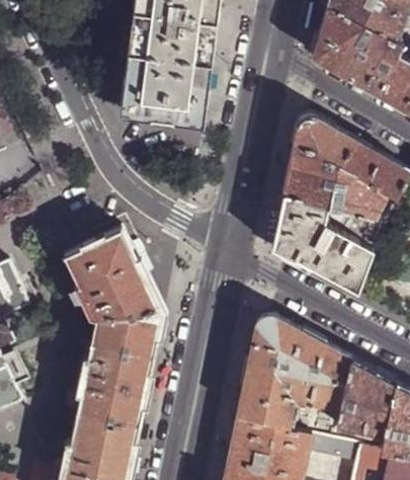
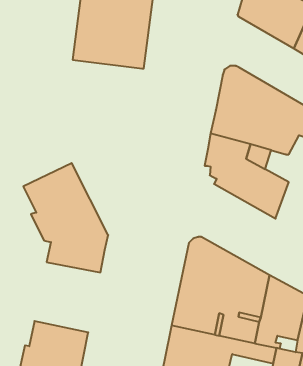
building: [345,214,384,251] -> none
building: [74,344,153,426] -> none

